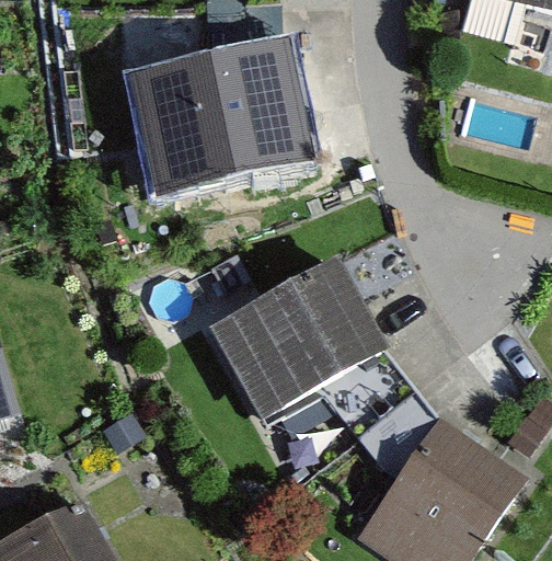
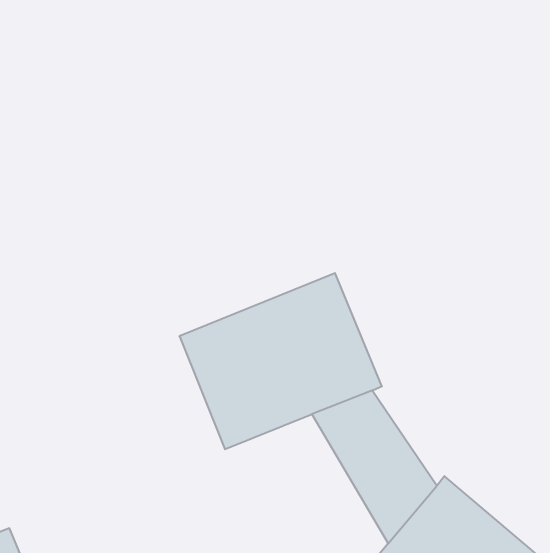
building: [145,64,301,185] -> none

